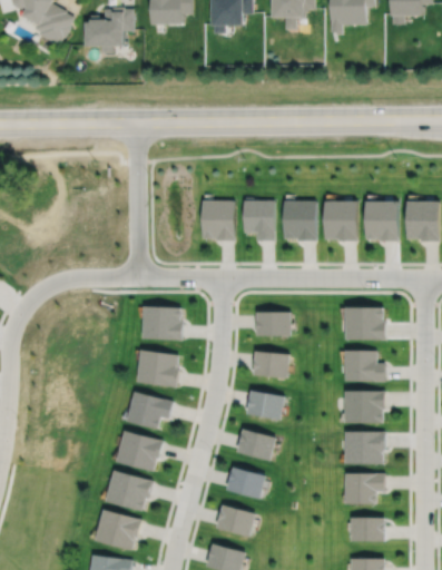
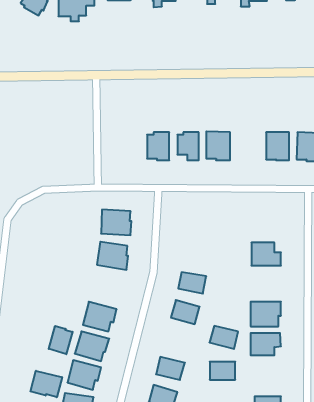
building: [325,202,357,240] -> none
building: [345,307,385,340] -> none
building: [256,312,291,335] -> none
building: [253,351,288,377] -> none
building: [345,391,385,422] -> none
building: [127,392,173,429] -> none
building: none -> [49,326,73,354]
building: [226,468,265,499] -> [209,326,238,349]
building: [351,518,385,542] -> [210,362,235,380]
building: none -> [30,371,62,397]

